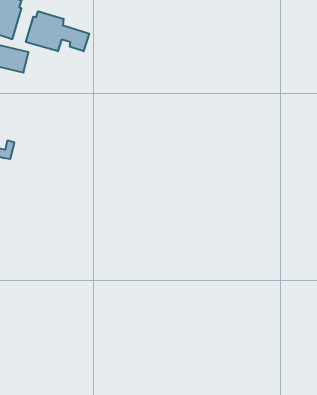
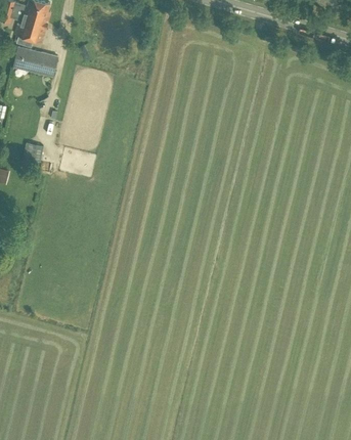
building: [26,11,89,51] -> none

